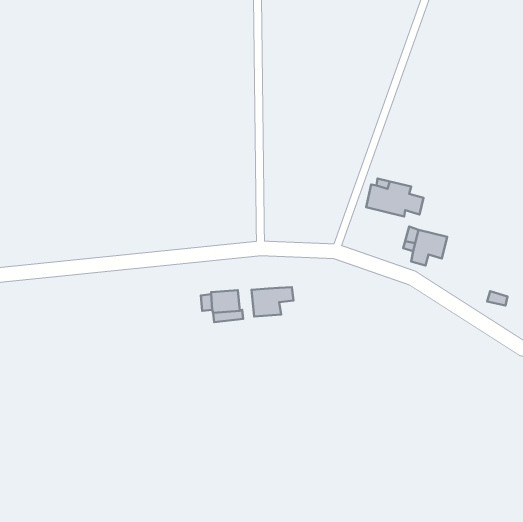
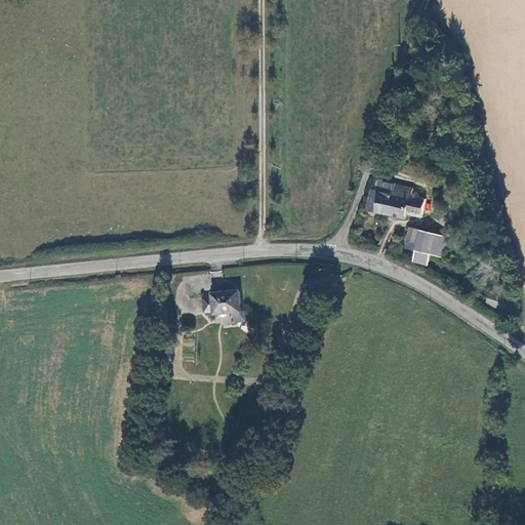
building: [252,287,294,317] -> none

